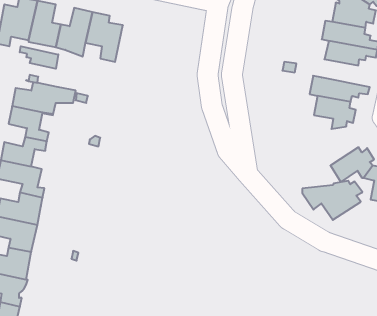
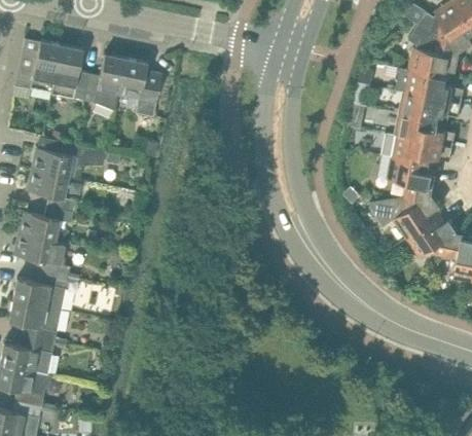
building: [20,46,58,69] -> none
building: none -> [397,114,456,147]
building: [302,181,362,220] -> [371,193,442,240]

